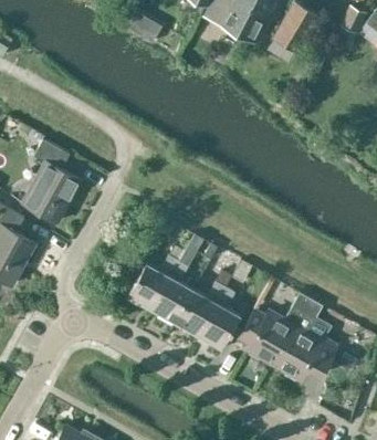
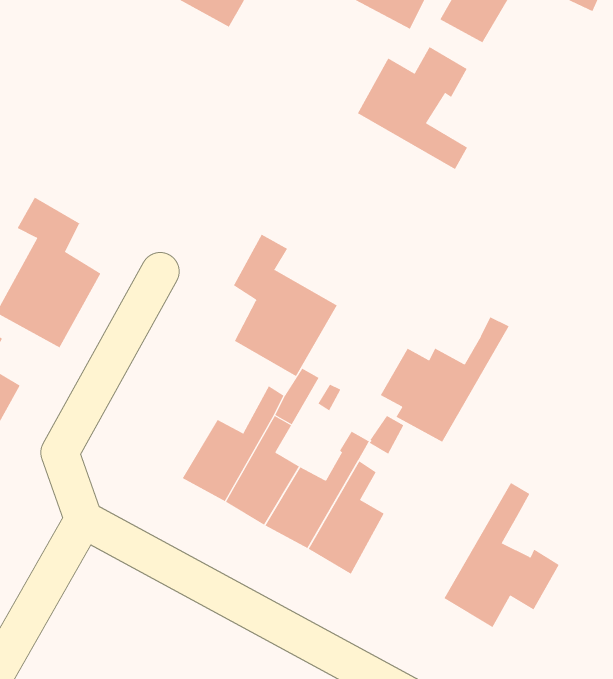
building: none -> [357,46,468,170]
building: none -> [232,234,337,377]
building: [238,292,311,363] -> [380,316,510,442]

